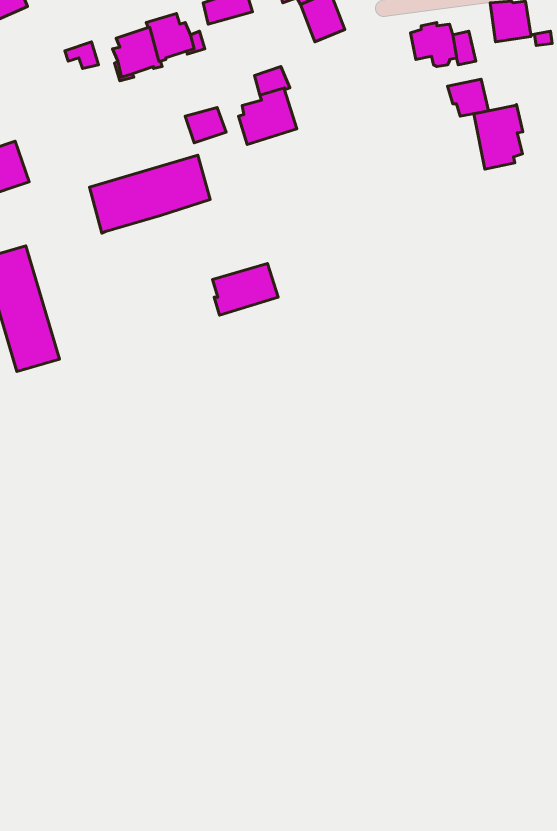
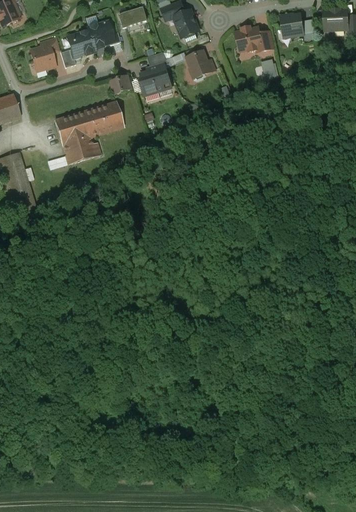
building: none -> [31,46,55,68]
building: none -> [187,50,216,77]
building: [474,105,523,169] -> none
building: [212,264,278,315] -> [64,135,101,164]

